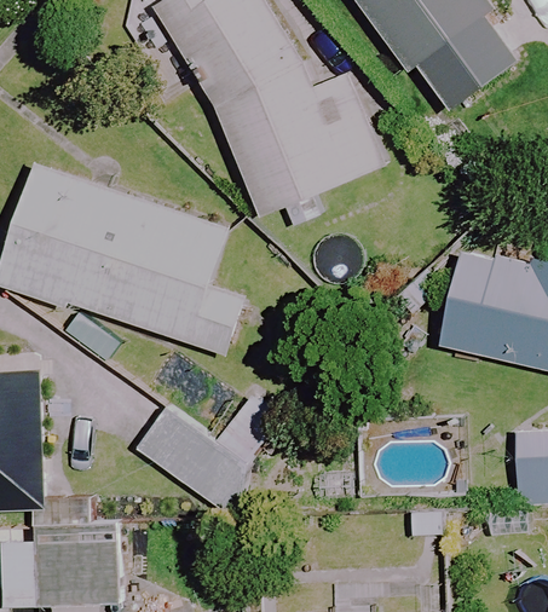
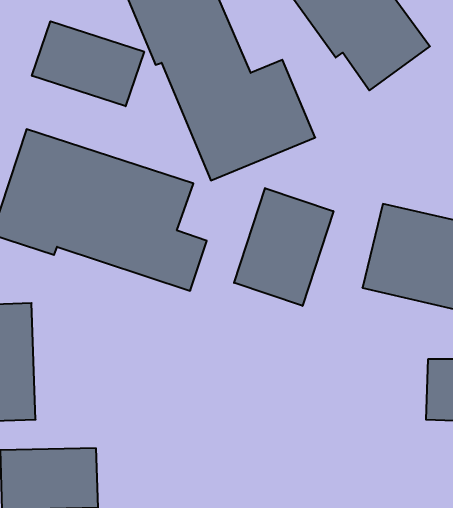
building: none -> [32,21,144,106]
building: none -> [234,188,333,306]
building: [142,405,253,503] -> none

